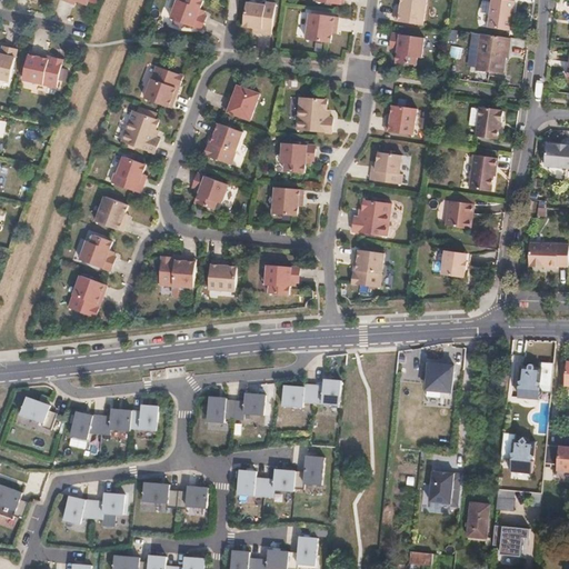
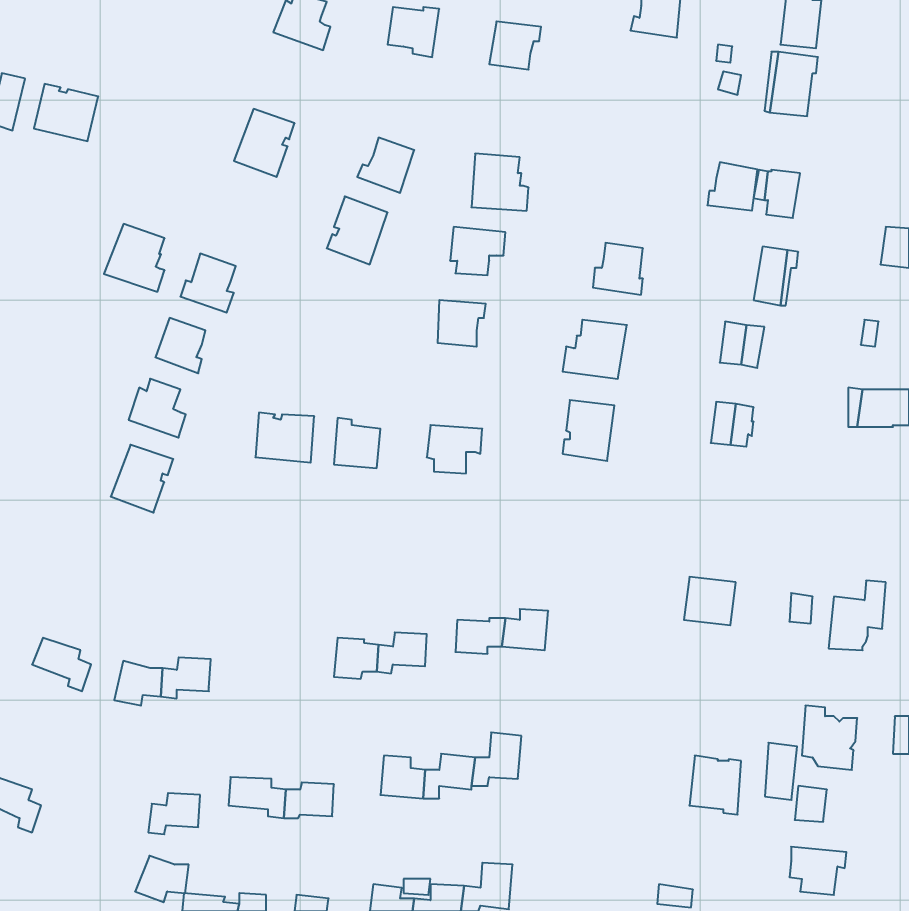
building: [388,32,422,64] -> none
building: [383,104,415,134] -> [707,162,757,211]
building: [122,112,160,154] -> [104,224,165,292]
building: [191,173,227,209] -> none
building: [130,405,159,430] -> none
building: [61,495,94,523] -> [135,856,189,902]
building: [468,502,488,538] -> [765,743,797,800]

